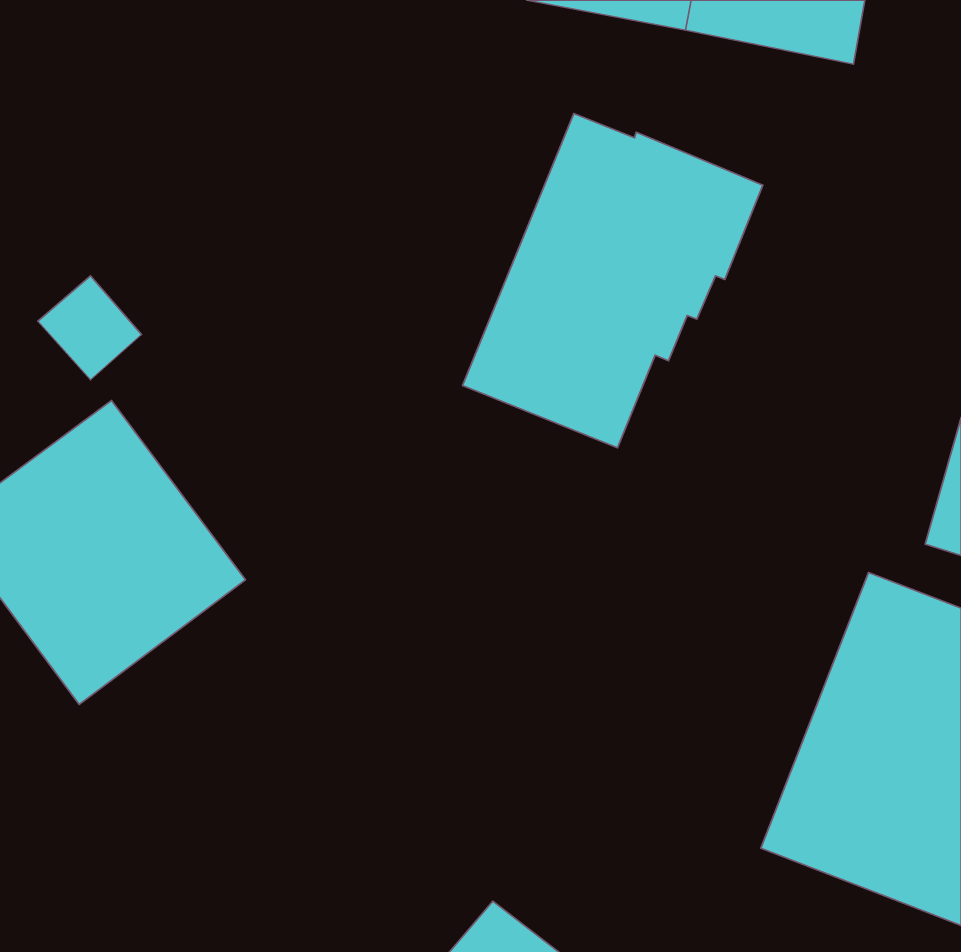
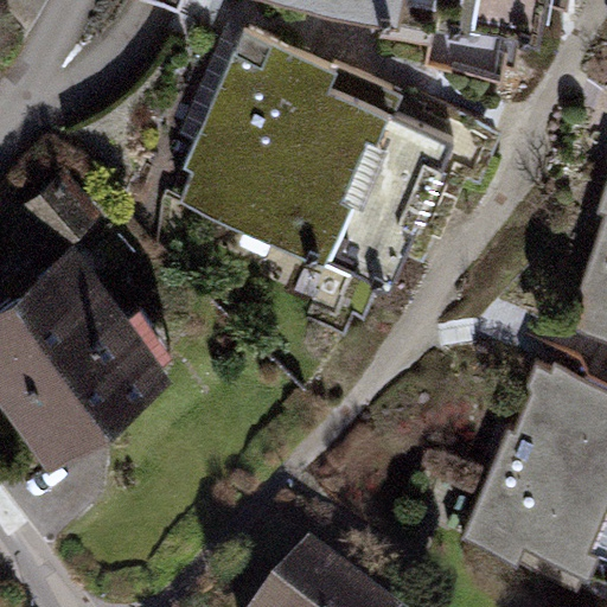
building: none -> [177,30,360,250]

